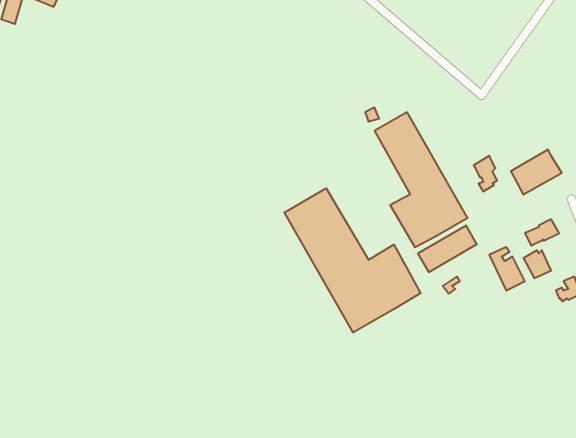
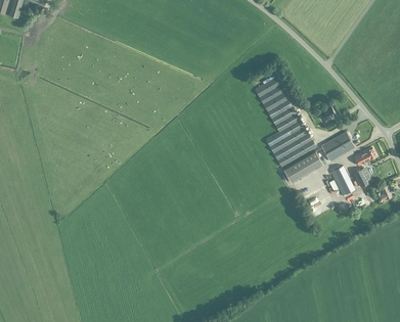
building: [511,150,562,195] -> [321,131,355,160]
building: [284,188,421,333] -> none

